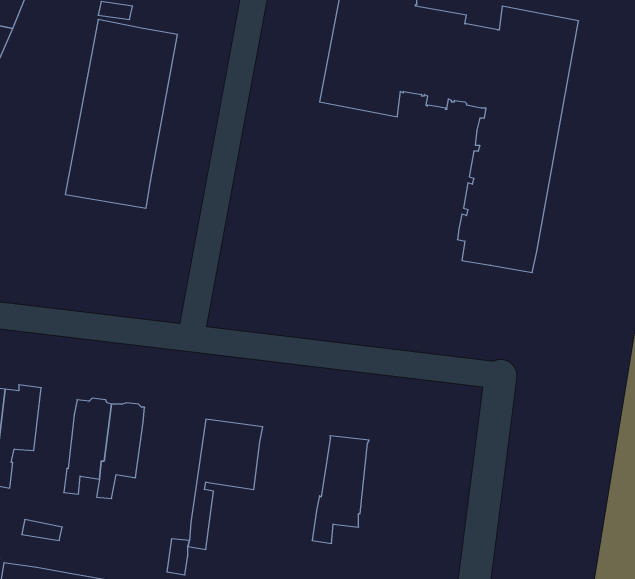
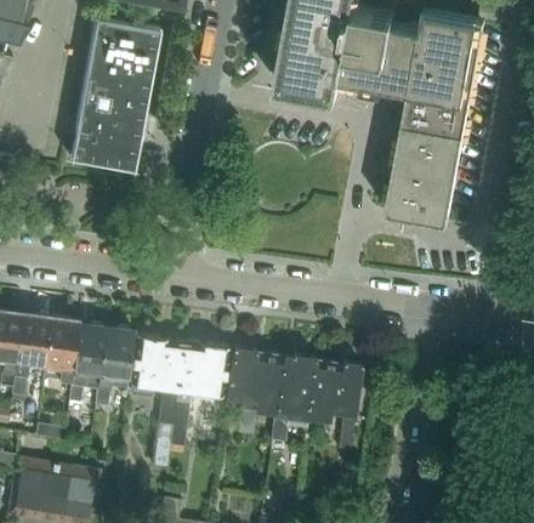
building: none -> [42,317,78,382]
building: none -> [127,336,182,426]
building: none -> [226,348,283,436]
building: none -> [307,362,359,451]

